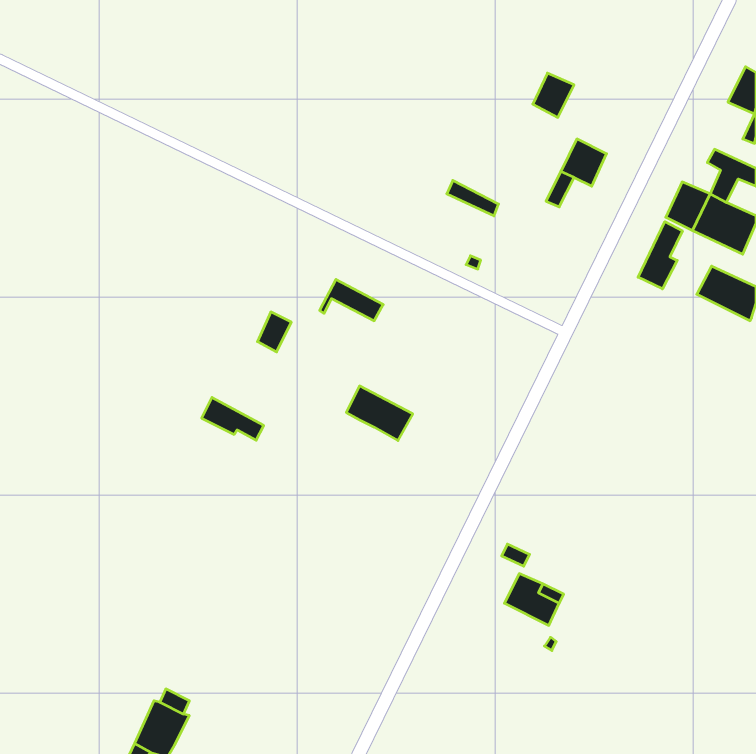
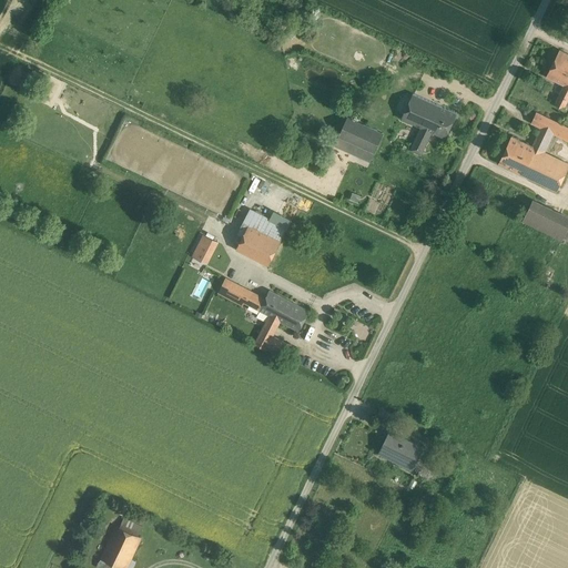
building: [533,73,574,117] -> [402,97,433,130]
building: none -> [339,118,383,154]
building: [638,222,682,289] -> none
building: none -> [236,225,281,265]
building: [202,397,264,440] -> [219,278,265,311]
building: none -> [255,316,286,354]

